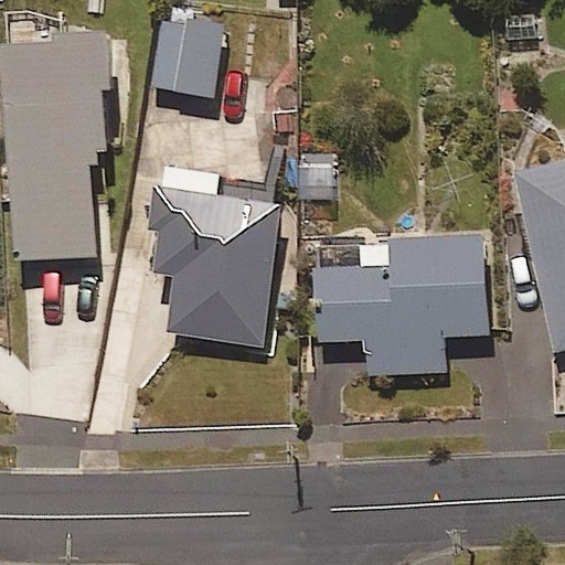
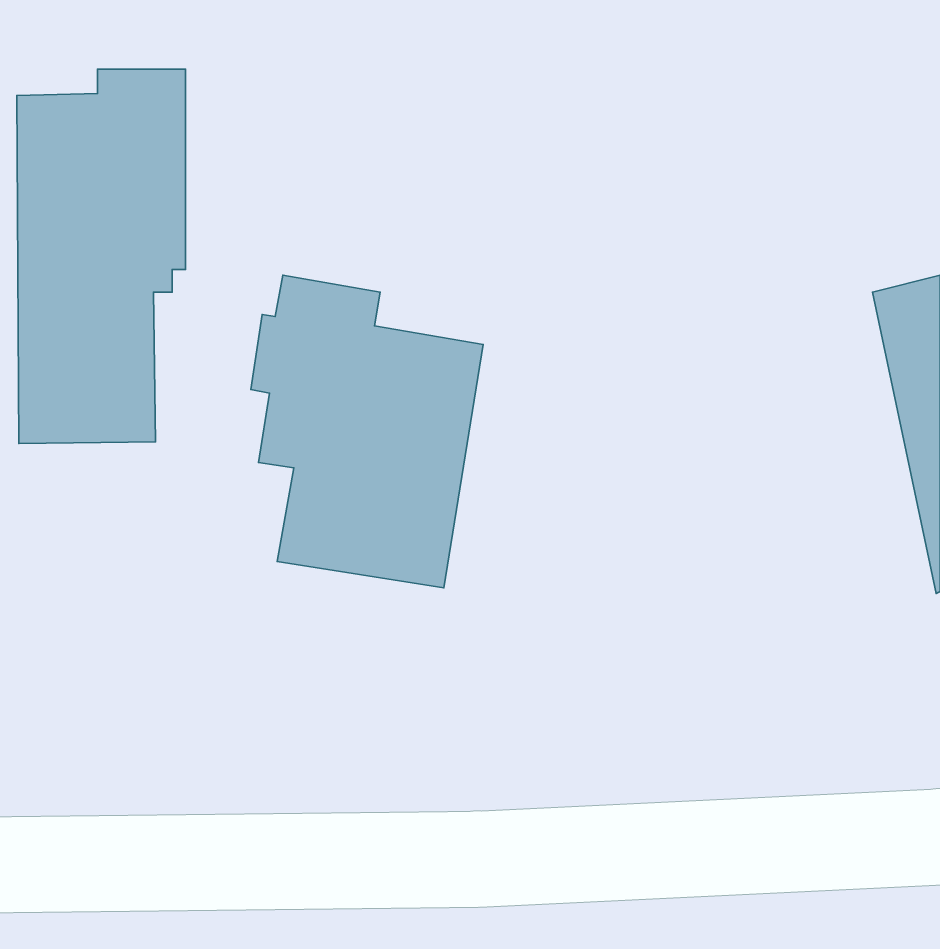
building: [149,21,223,99] -> none
building: [313,234,488,372] -> none

